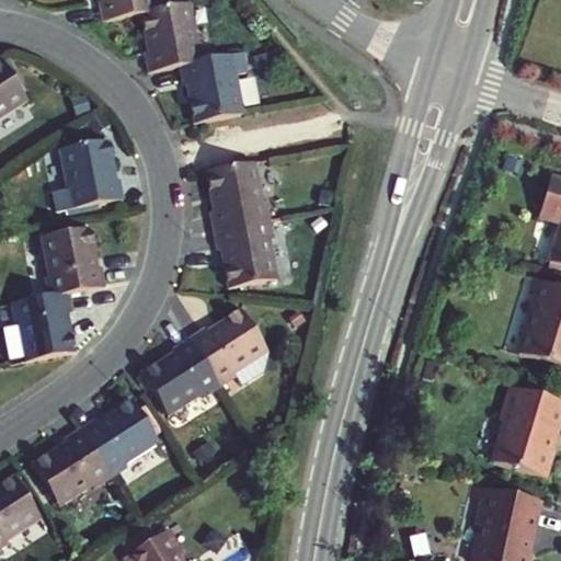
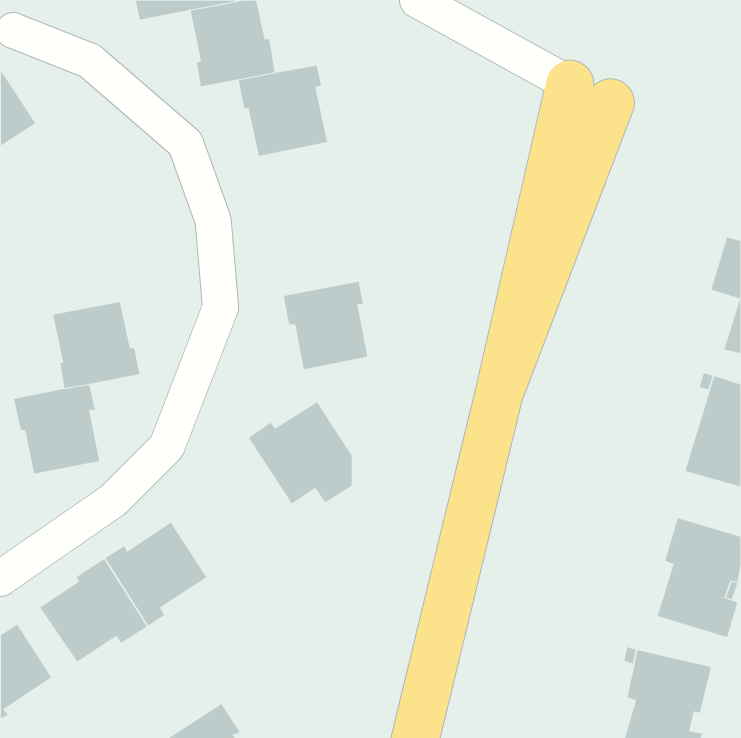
building: [51,144,121,211] -> none
building: [206,157,272,226] -> none
building: [141,333,220,412] -> none

